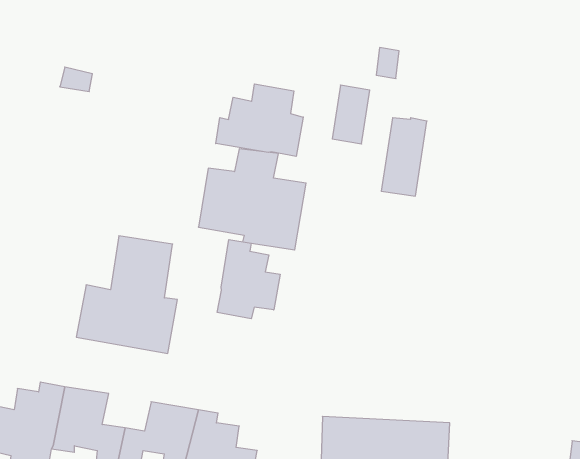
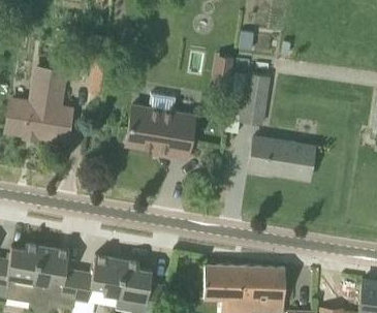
building: [216,84,303,156] -> none
building: none -> [249,137,314,180]
building: [76,236,177,353] -> [7,66,71,140]
building: [217,240,280,319] -> none

